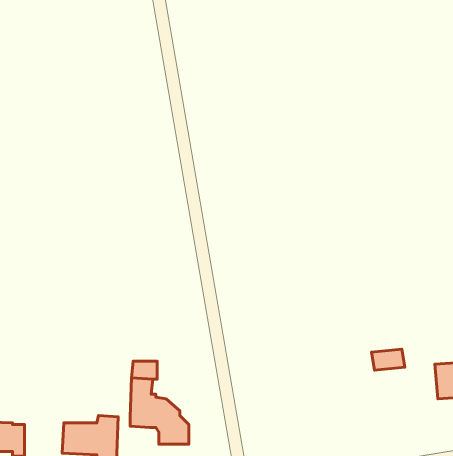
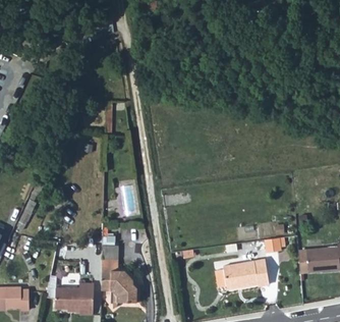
building: none -> [215,257,270,287]

